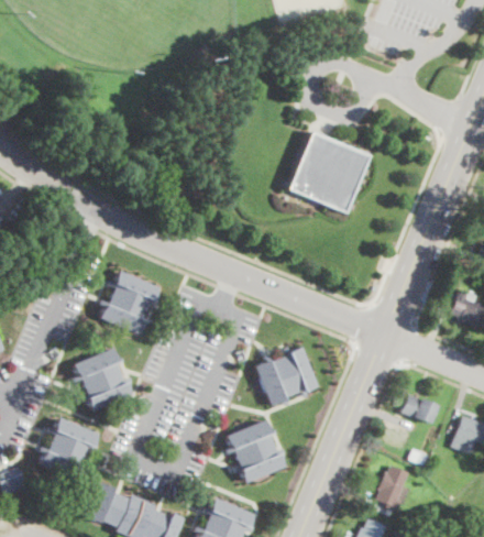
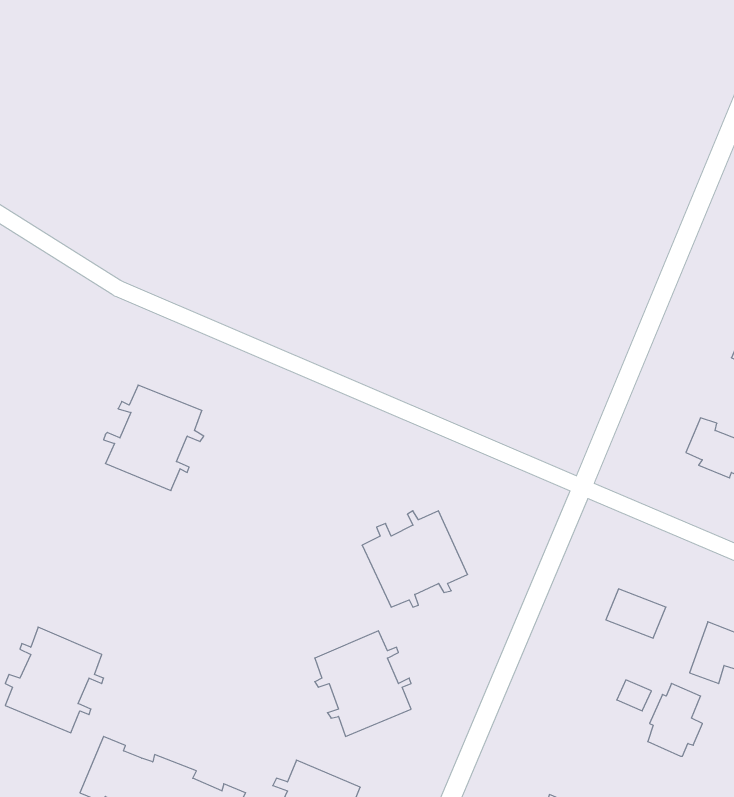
building: [287,131,369,213] -> none
building: [74,348,132,412] -> none
building: [377,464,410,508] -> [648,683,702,756]

